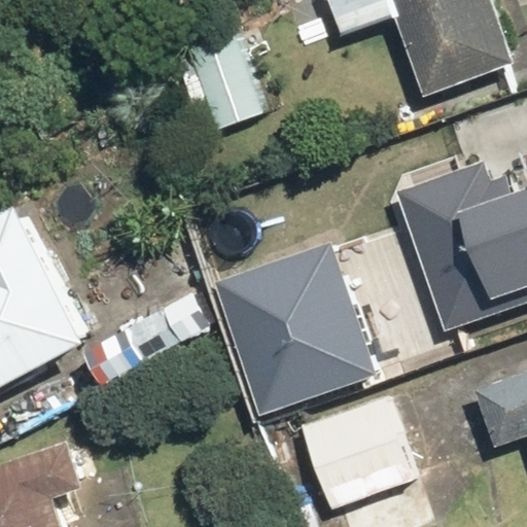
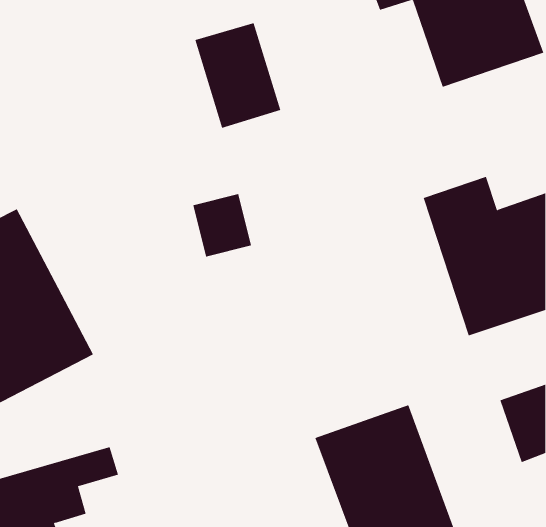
building: [216,243,368,402] -> none

